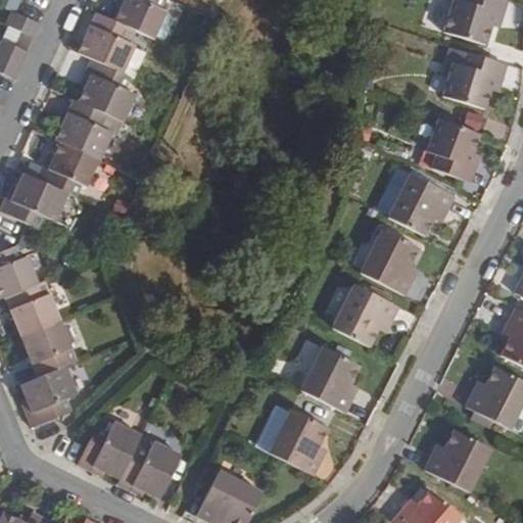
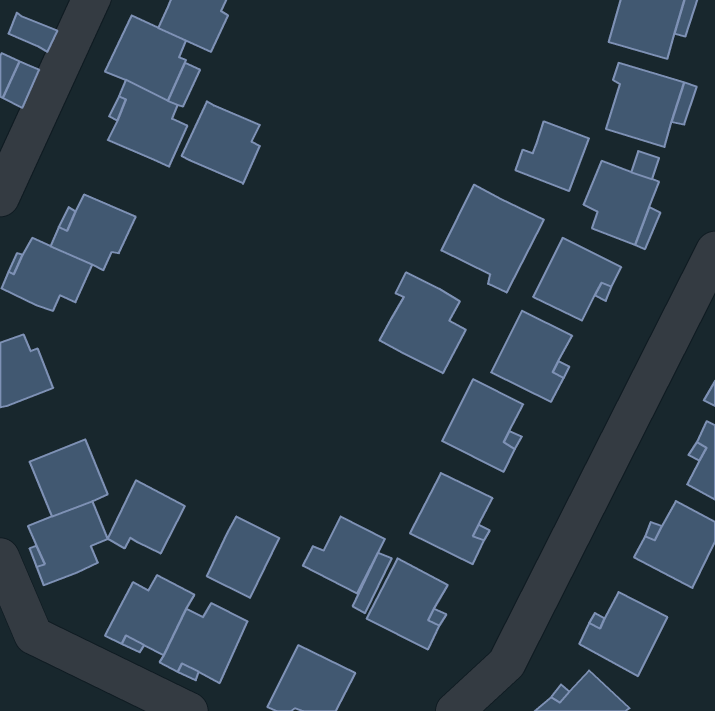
building: none -> [516,121,589,191]
building: [55,99,112,159] -> [182,101,260,184]
building: none -> [441,185,544,293]
building: none -> [380,272,466,373]
building: [5,281,62,337] -> none
building: none -> [108,480,185,554]
building: none -> [303,516,385,594]
building: none -> [207,516,279,598]

